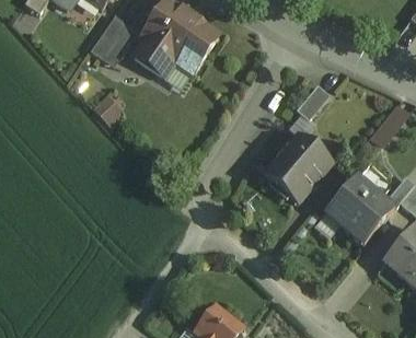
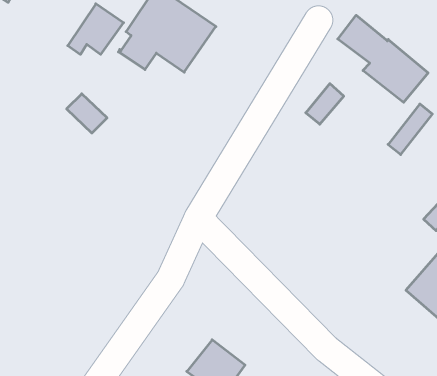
building: none -> [338,15,428,102]
building: [264,132,332,201] -> none
building: [325,176,394,244] -> none

